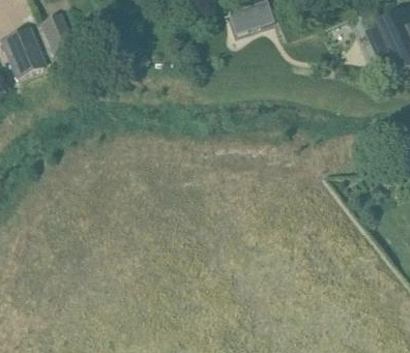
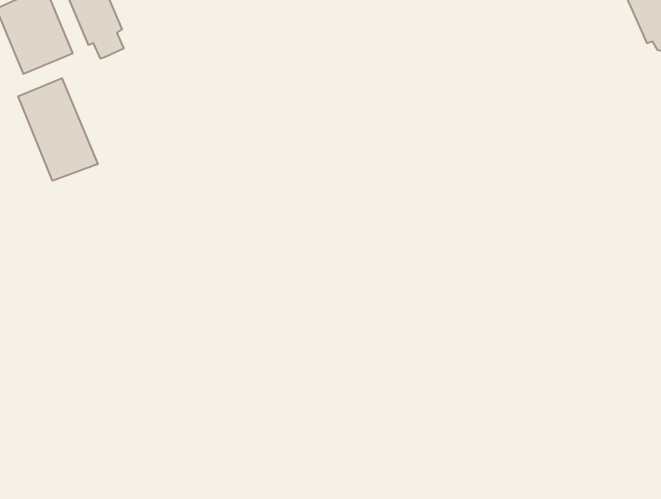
building: none -> [18,78,98,181]

